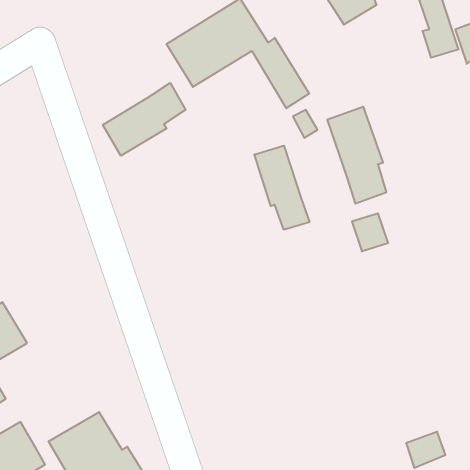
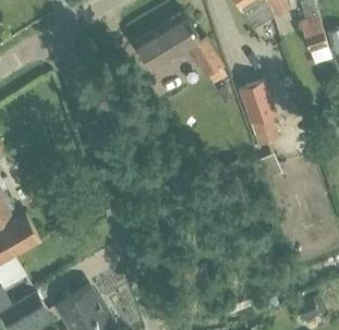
building: [103,83,186,156] -> none
building: [254,146,309,230] -> none

